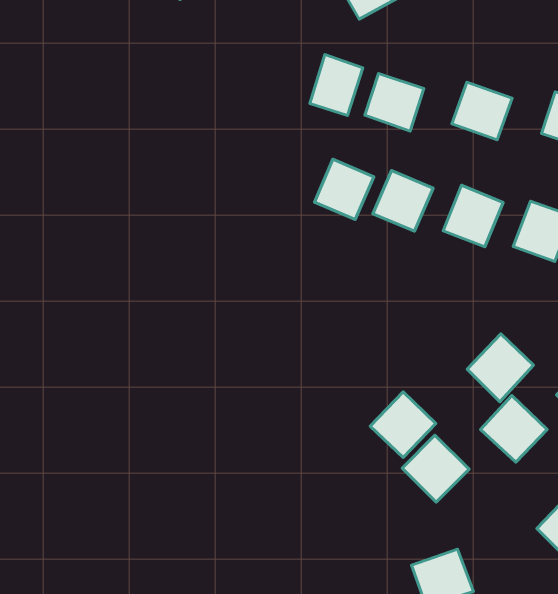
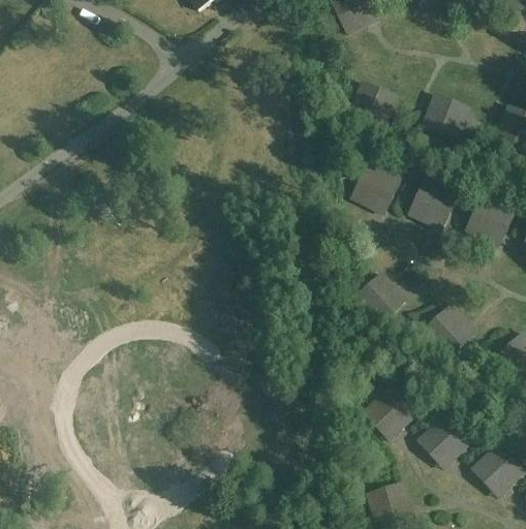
building: [310,55,363,116] -> none
building: [314,159,374,220] -> none
building: [370,392,436,458] -> [353,271,408,325]
building: [480,396,547,462] -> [417,412,473,468]

